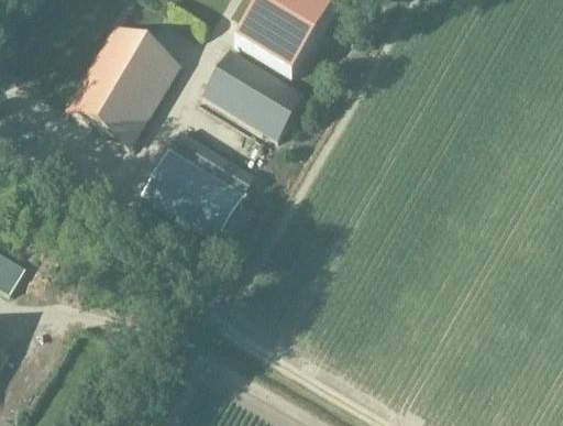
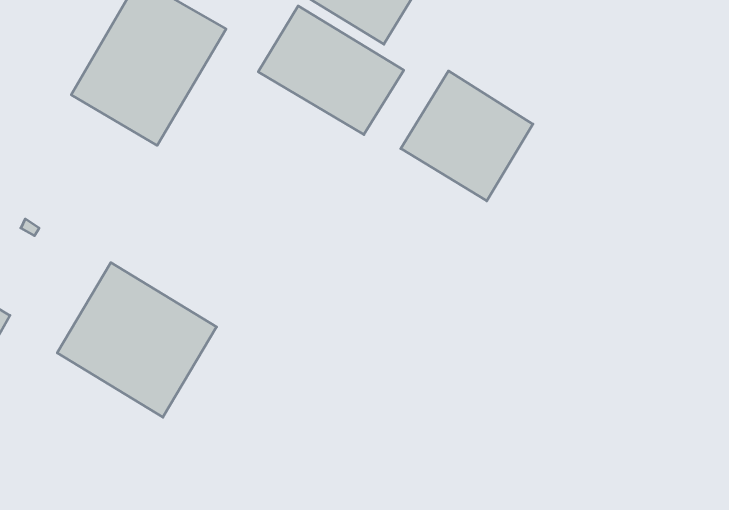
building: none -> [401,71,533,201]
building: [141,130,255,241] -> [57,263,217,417]

